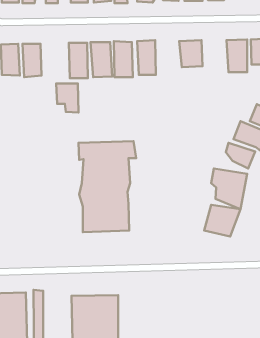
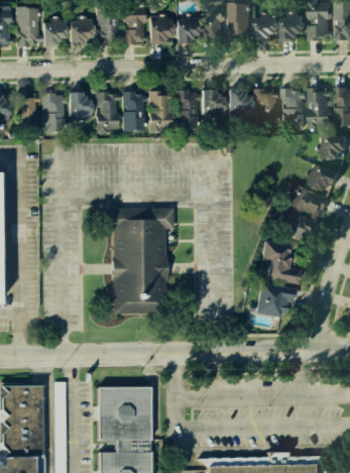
building: none -> [254,88,280,128]
building: none -> [200,89,225,117]
building: [56,83,79,113] -> [65,92,91,126]

